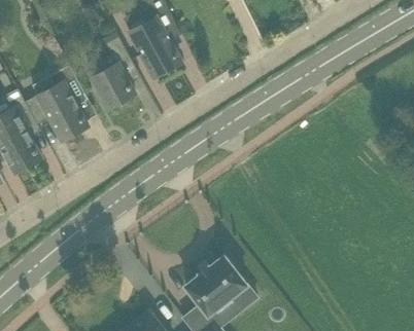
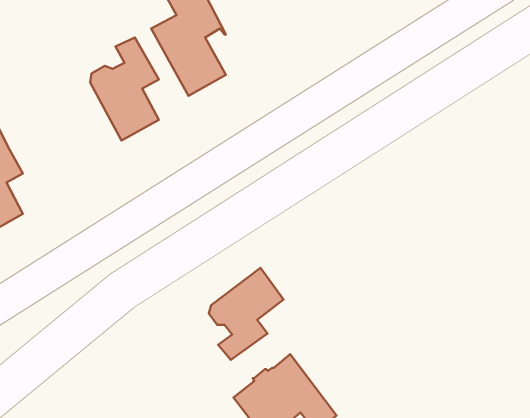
building: [38,67,89,142] -> none
building: none -> [209,268,284,360]

